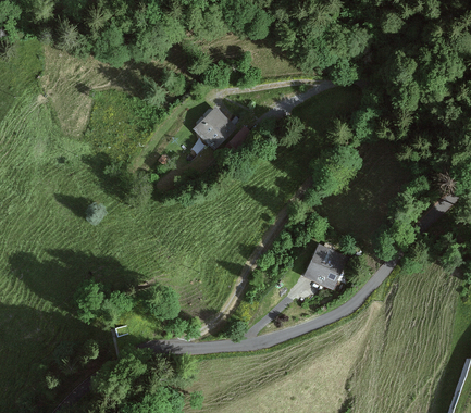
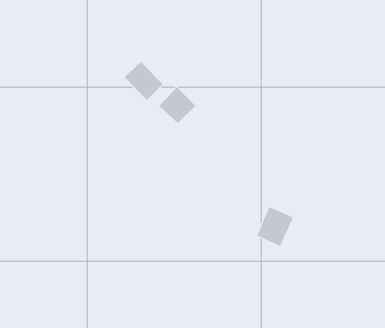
building: none -> [124,61,164,101]

